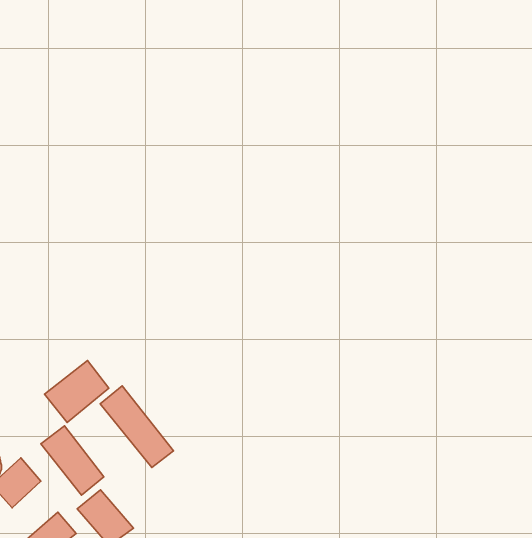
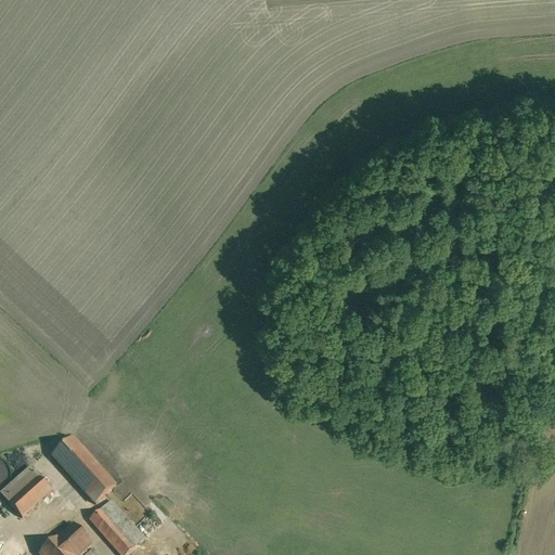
building: [45,360,109,422] -> none
building: [100,386,174,468] -> none

